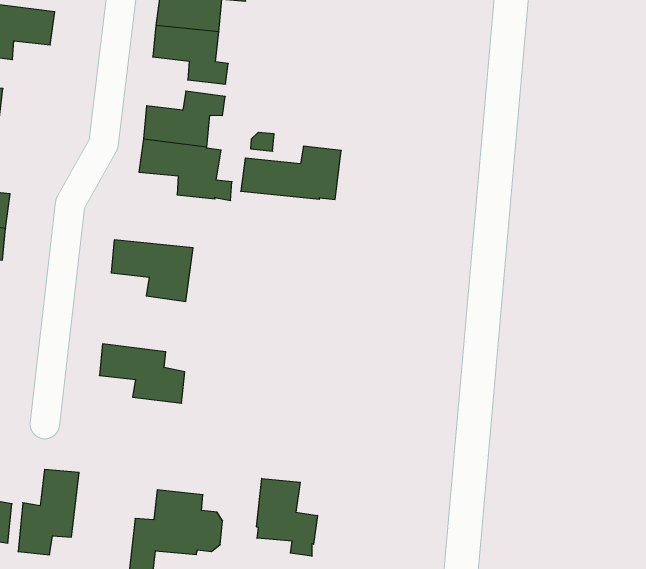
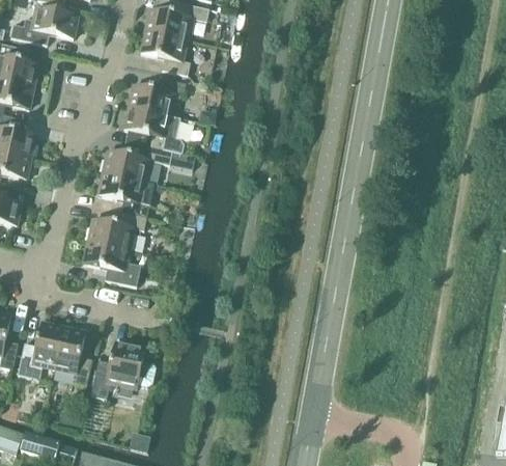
building: [241,146,341,199] -> [103,145,172,183]
building: none -> [88,211,146,249]
building: none -> [55,324,92,383]
building: [257,478,317,556] -> none

